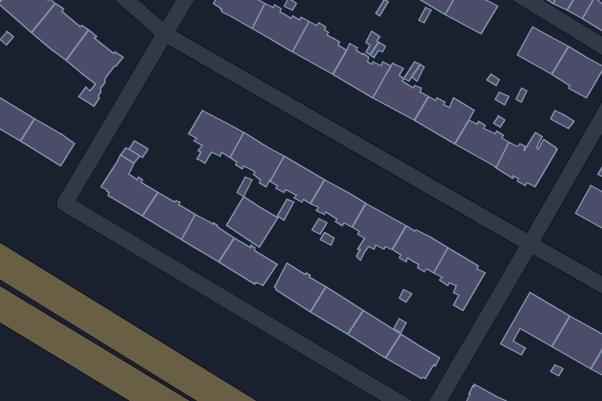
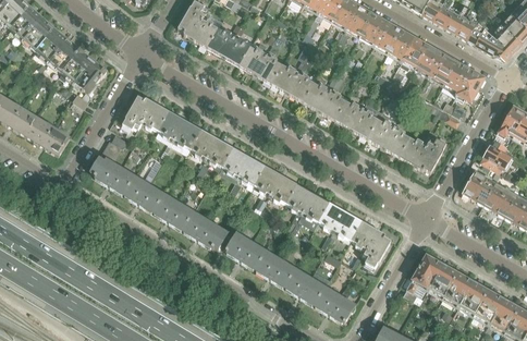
building: none -> [388,29,428,68]
building: none -> [121,95,169,139]
building: [227,197,278,247] -> none

